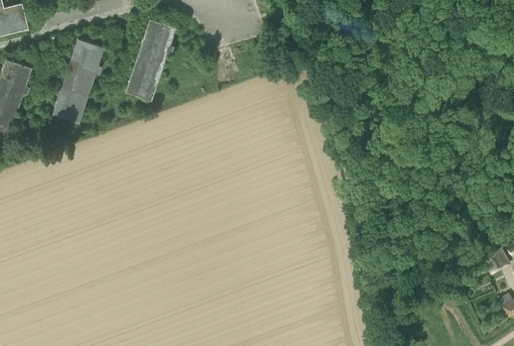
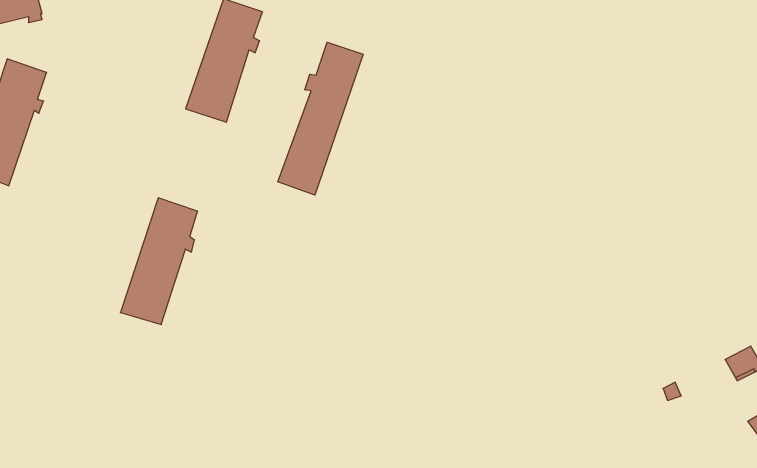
building: [51,38,103,123] -> [120,198,198,325]
building: none -> [278,42,363,195]

